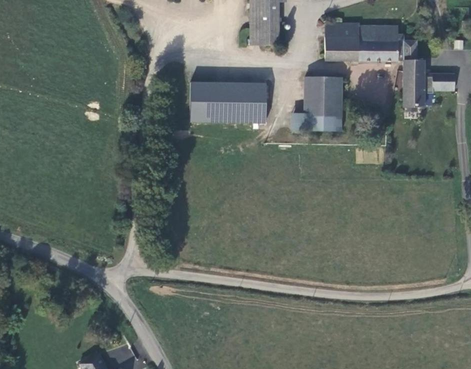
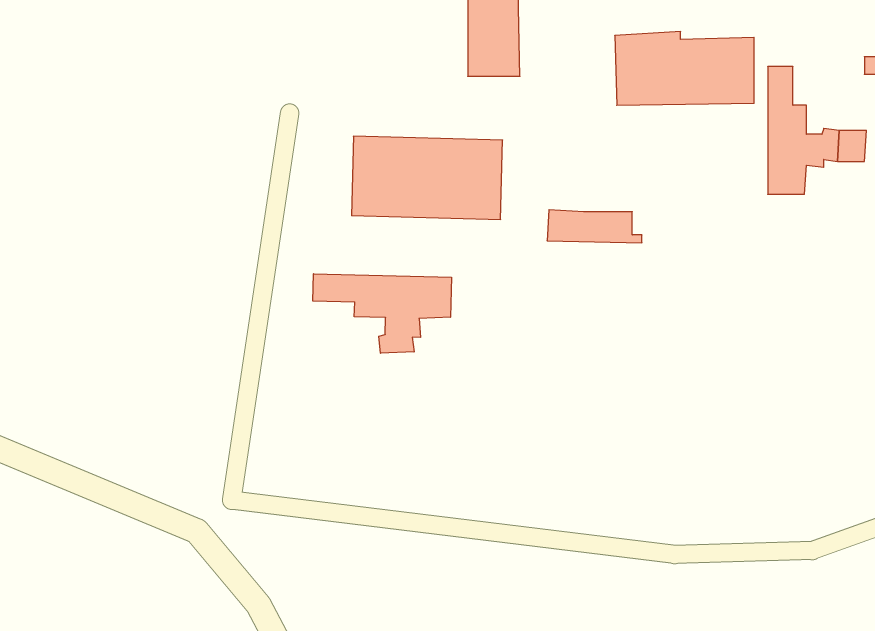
building: [310,78,336,116] -> none
building: none -> [313,274,451,353]

